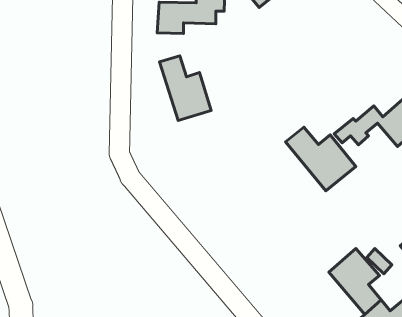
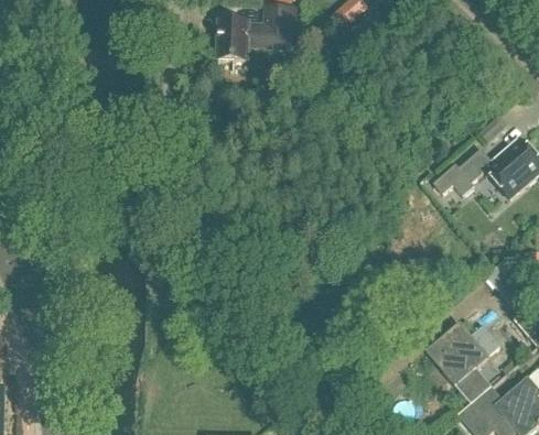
building: [160,56,211,121] -> none
building: [285,127,356,191] -> none

